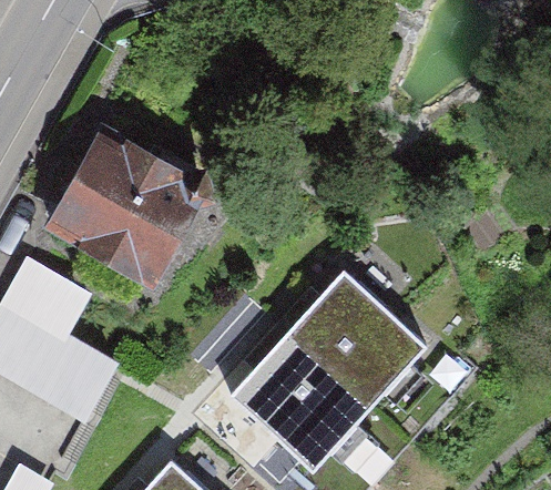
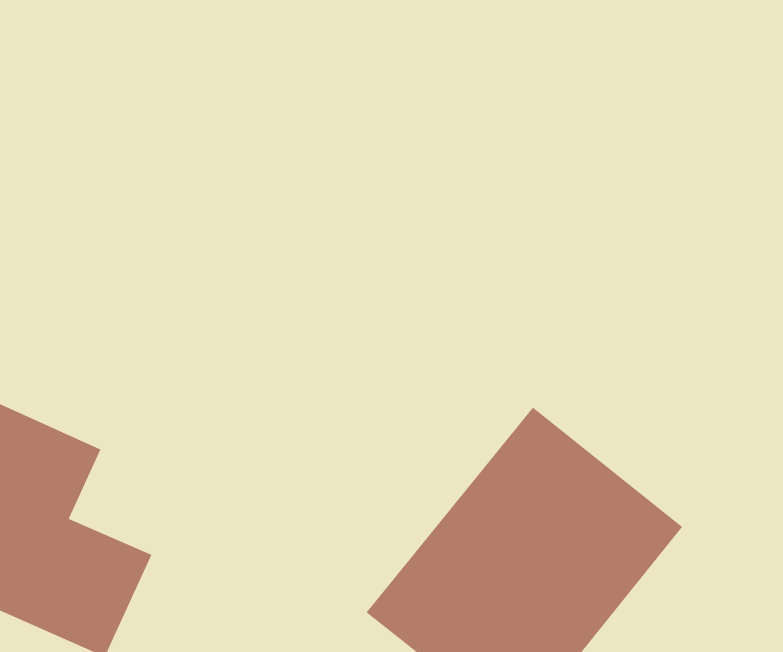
building: [40,125,201,283] -> none

